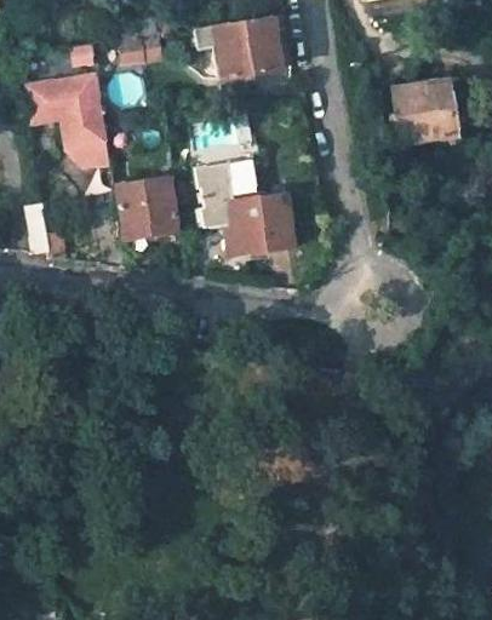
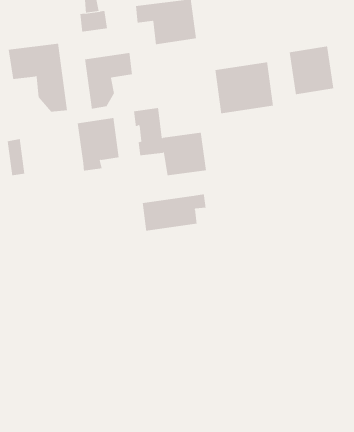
building: none -> [85,52,133,109]
building: none -> [215,62,273,114]
building: none -> [142,194,206,231]

